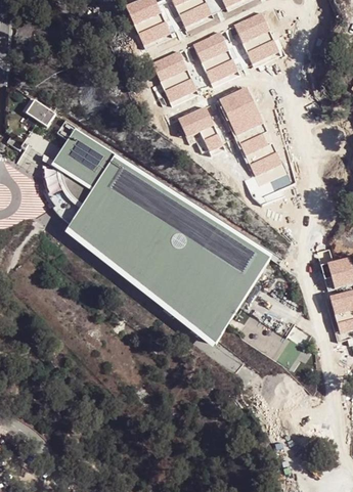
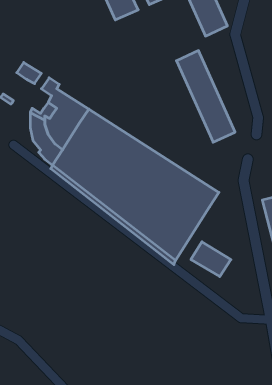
building: [193,31,240,86] -> none
building: [151,50,198,105] -> none
building: [177,104,224,154] -> none

